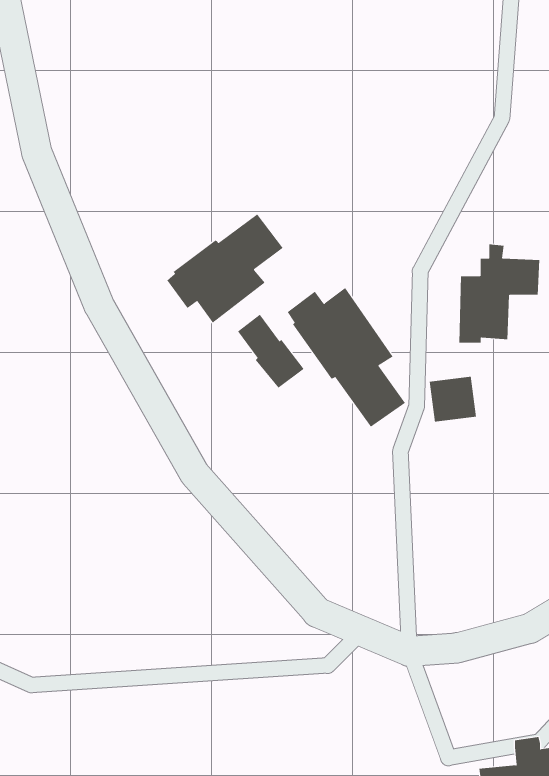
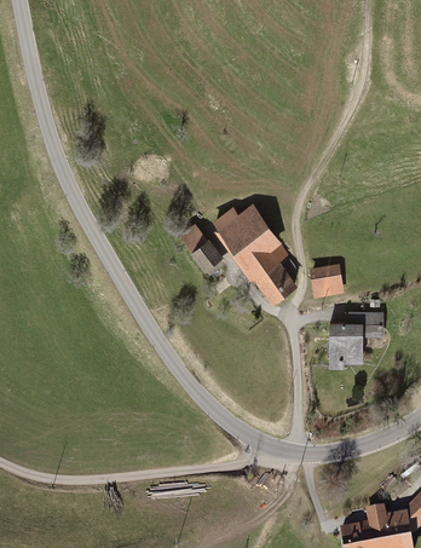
building: [166,213,284,324] -> none
building: [458,244,540,343] -> [328,301,383,369]

